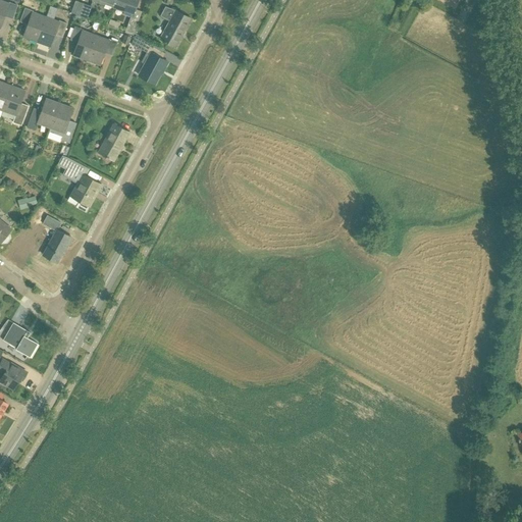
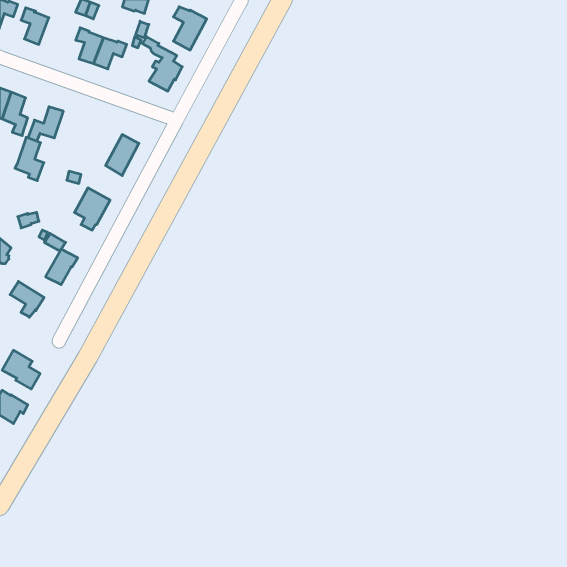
building: [36,16,66,45] -> none
building: [48,102,74,142] -> [15,137,44,181]
building: none -> [10,281,44,317]

